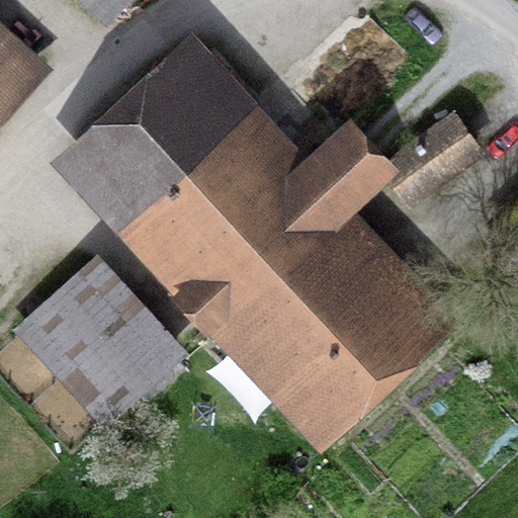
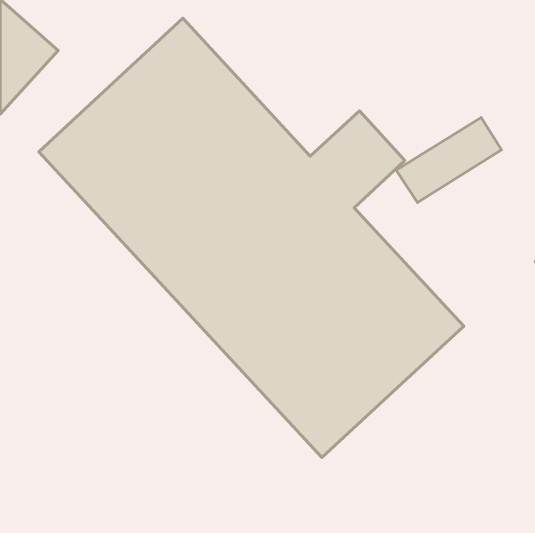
building: [18,264,187,434] -> none

